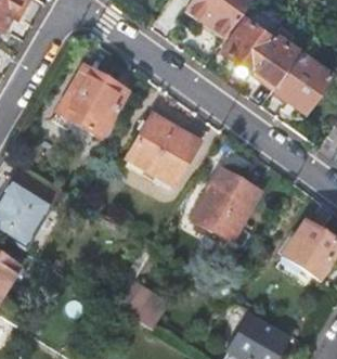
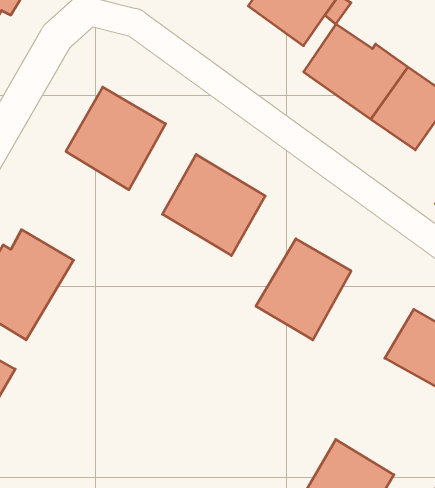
building: [118,282,169,329] -> none

